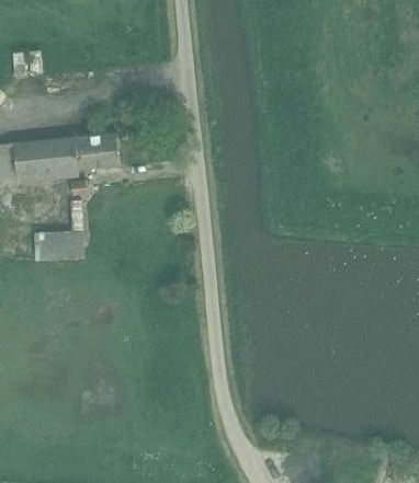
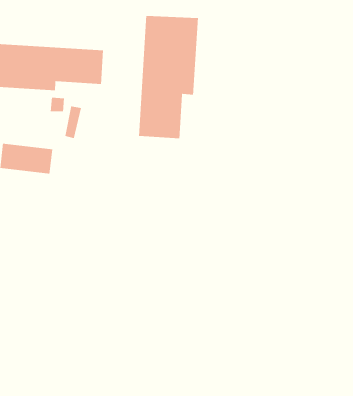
building: none -> [138,15,198,139]

